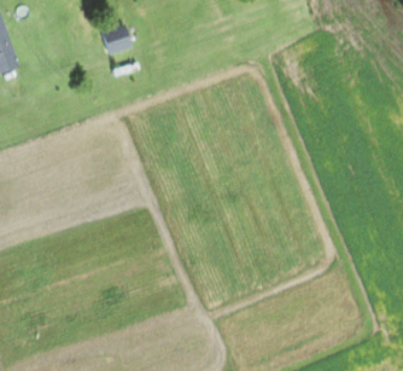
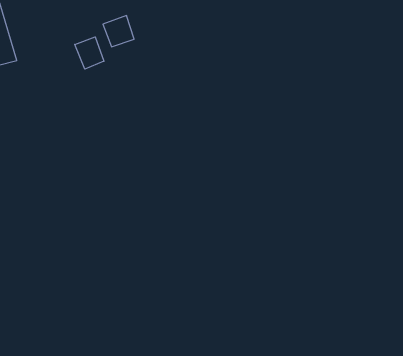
building: none -> [75,37,104,69]

